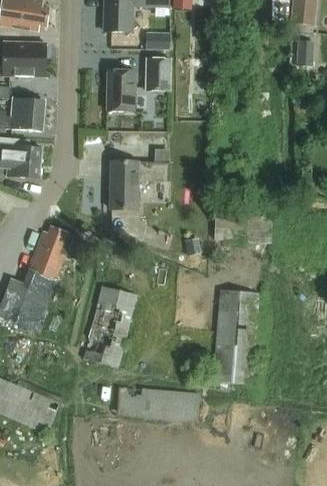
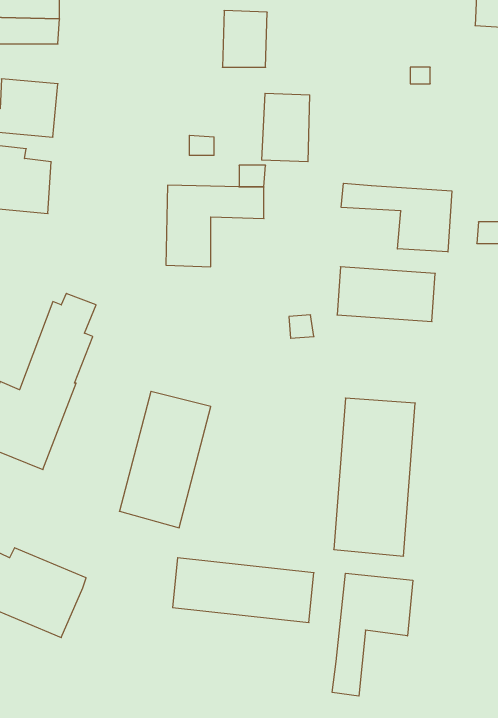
building: [107,70,136,111] -> [262,93,310,162]
building: none -> [341,183,452,252]
building: none -> [332,573,413,696]

